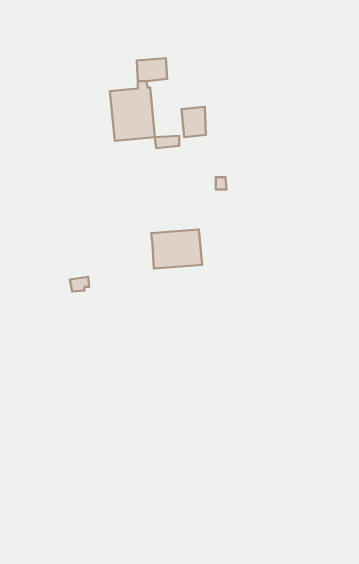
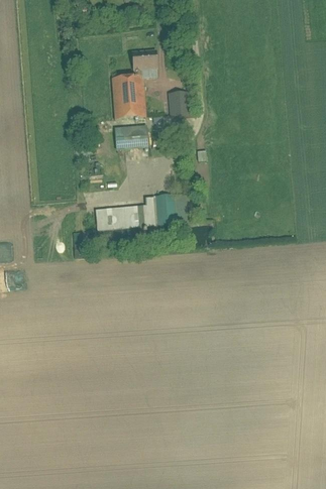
building: none -> [114,124,148,149]
building: none -> [95,205,146,230]

